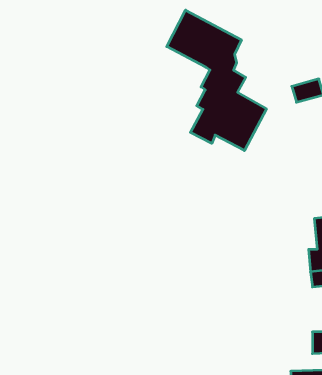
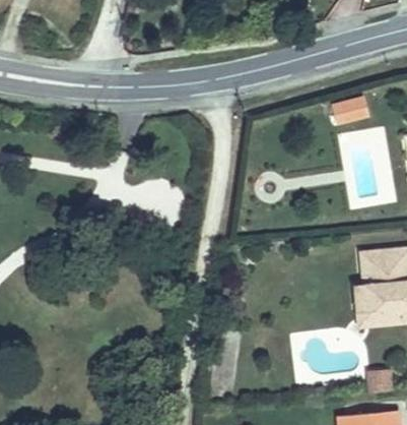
building: [167,10,266,151] -> none

